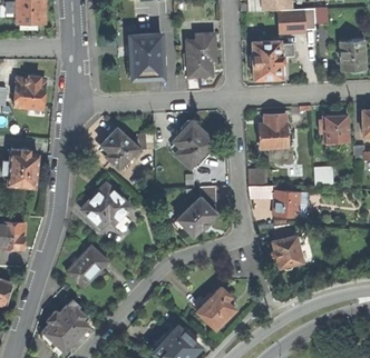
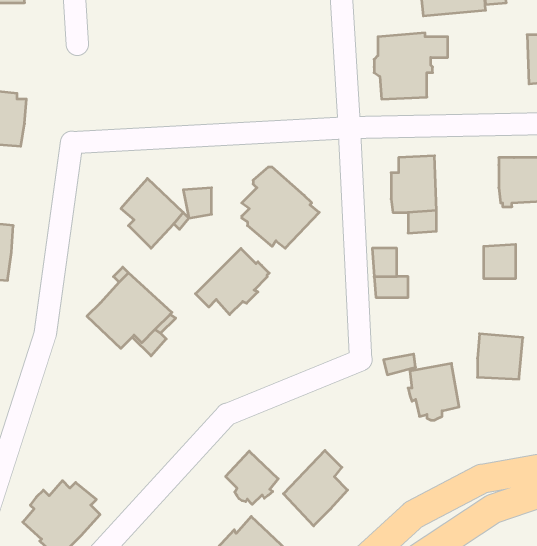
building: [186,32,215,74] -> none
building: [128,33,163,79] -> none
building: [274,190,301,217] -> [477,334,523,379]
building: [173,198,216,237] -> [195,248,269,315]
building: [67,245,109,287] -> none
building: none -> [226,451,278,504]

